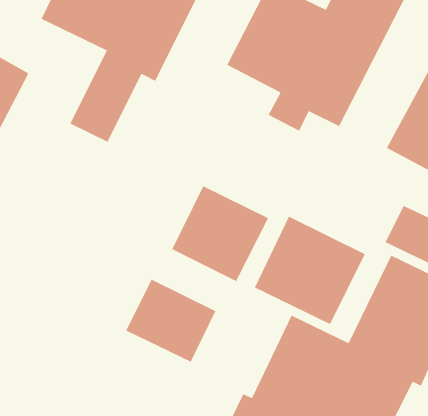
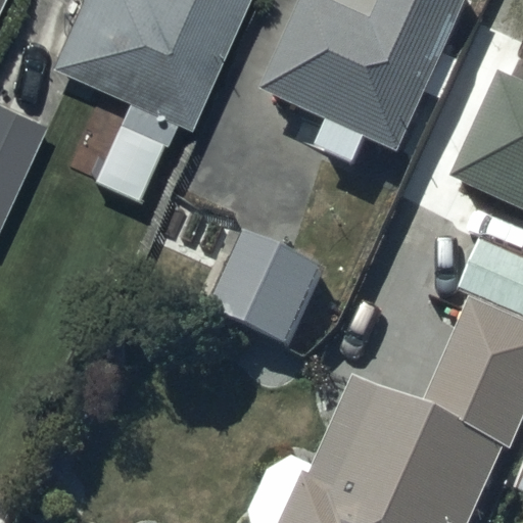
building: [254,216,366,325] -> none
building: [125,278,217,363] -> none

